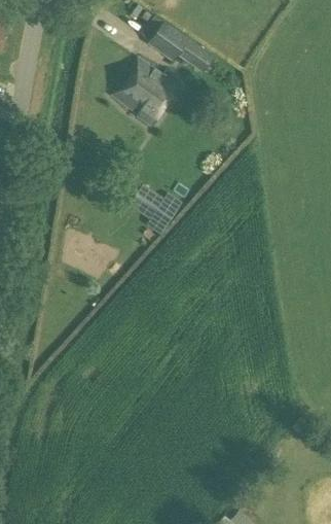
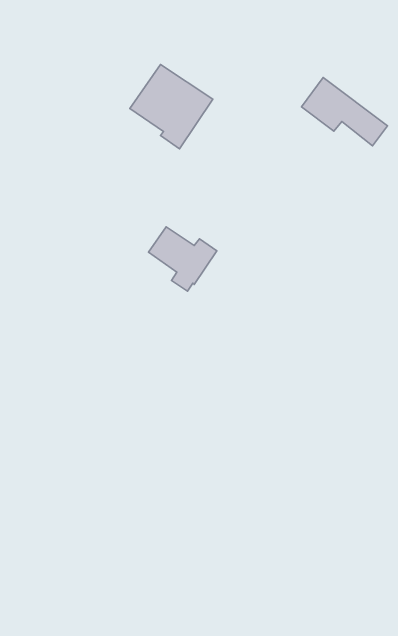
building: [149,21,215,73] -> [302,77,387,146]

